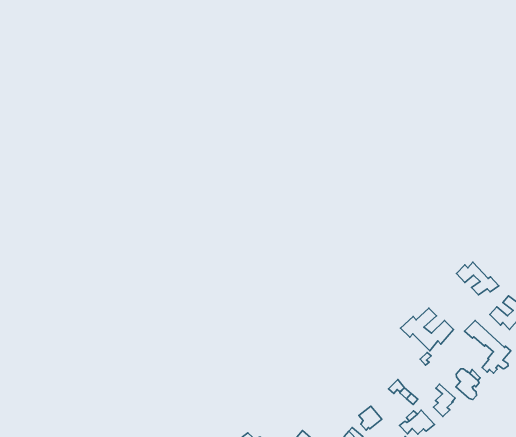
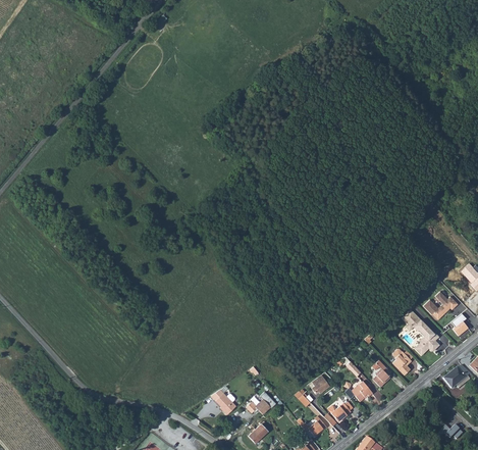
building: [457,262,499,295] -> none
building: [400,308,454,351] -> none

